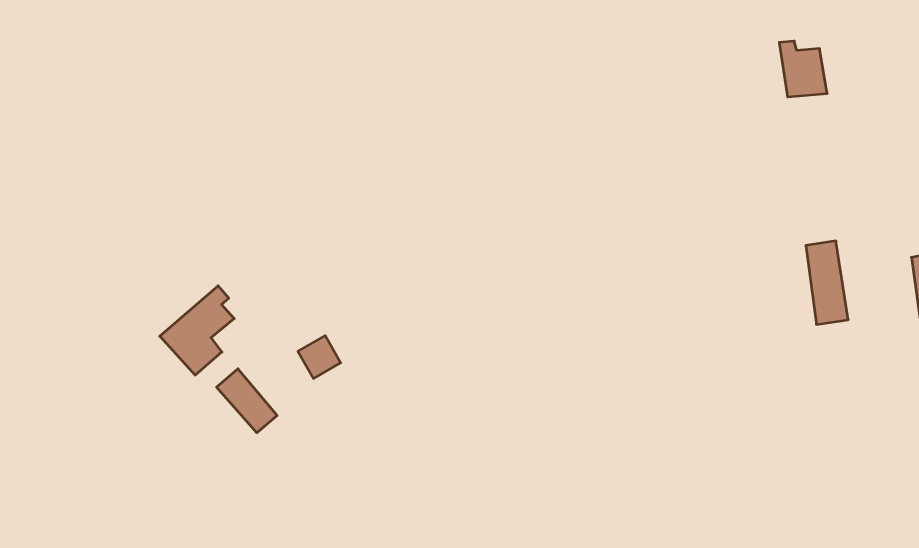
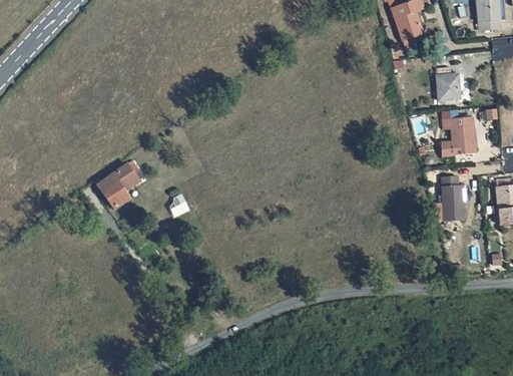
building: none -> [444,115,476,151]
building: [217,369,277,433] -> none

